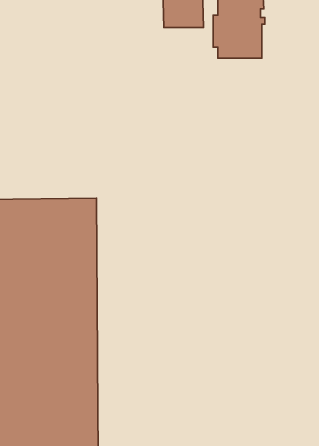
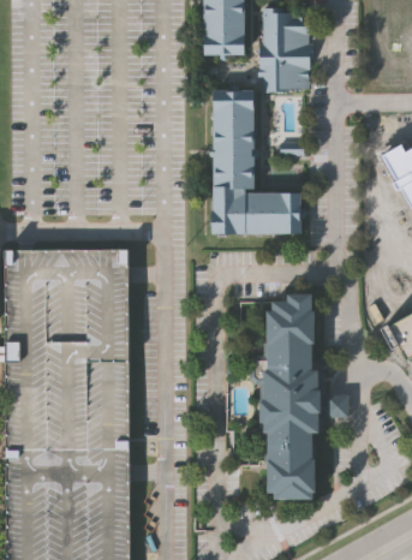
building: none -> [211,90,301,234]
building: none -> [259,298,345,499]

